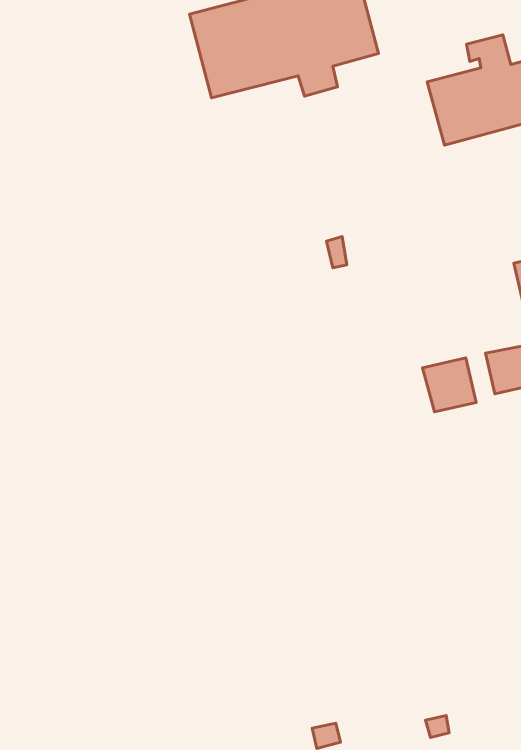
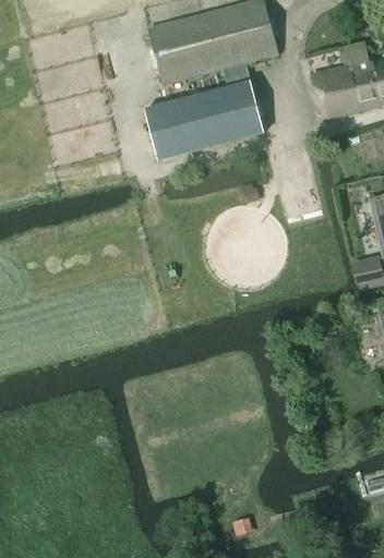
building: none -> [145,81,262,159]
building: [423,358,476,412] -> none

